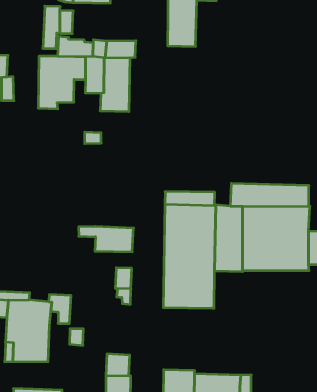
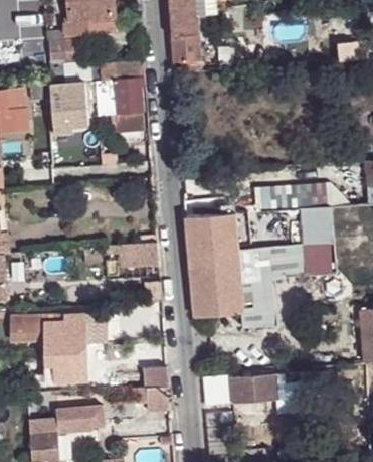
building: none -> [240,276,270,328]

